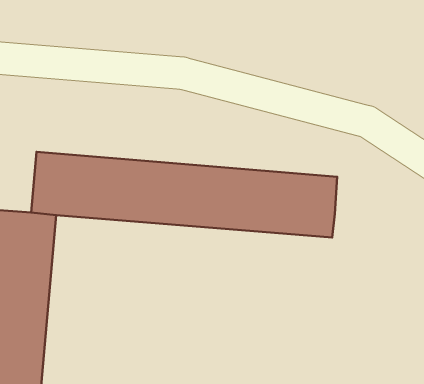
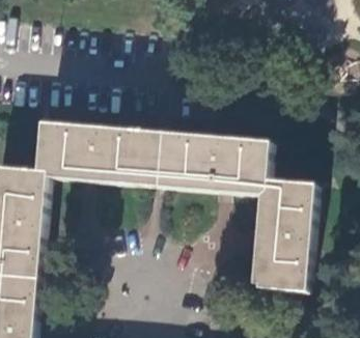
building: none -> [255,171,312,292]

